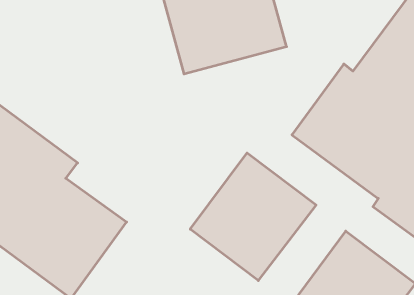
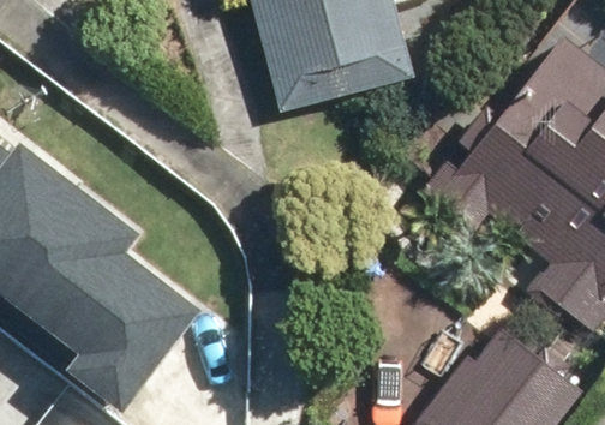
building: [190,153,316,281] -> none

